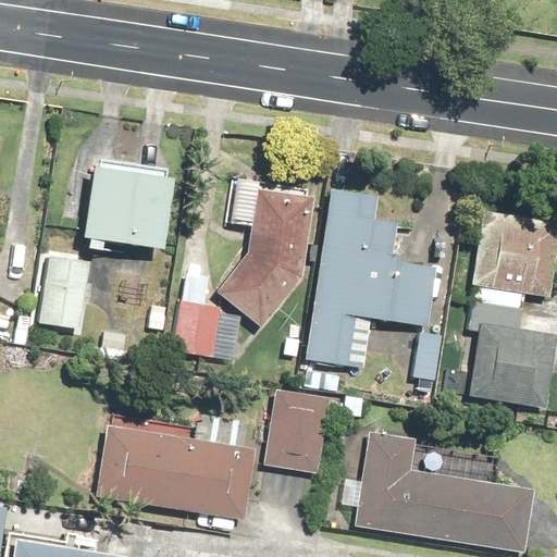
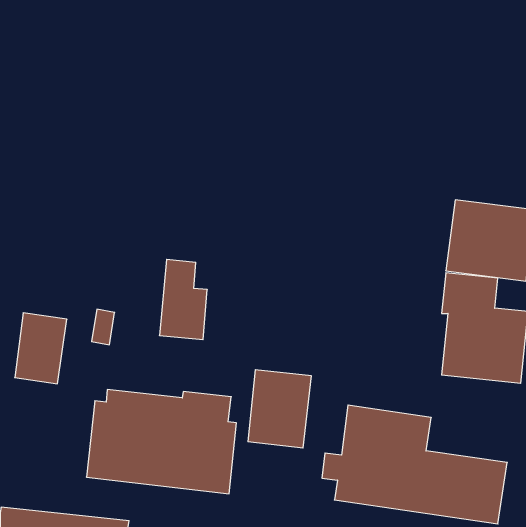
building: [79,163,172,249] -> none
building: [215,185,311,327] -> none
building: [307,195,436,368] -> none
building: [38,256,92,330] -> [15,313,67,384]

